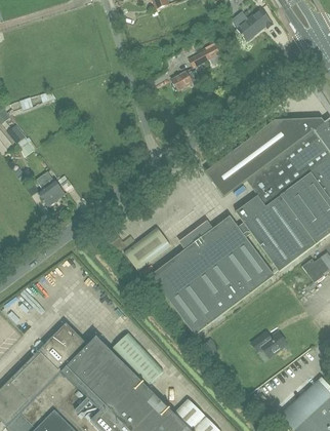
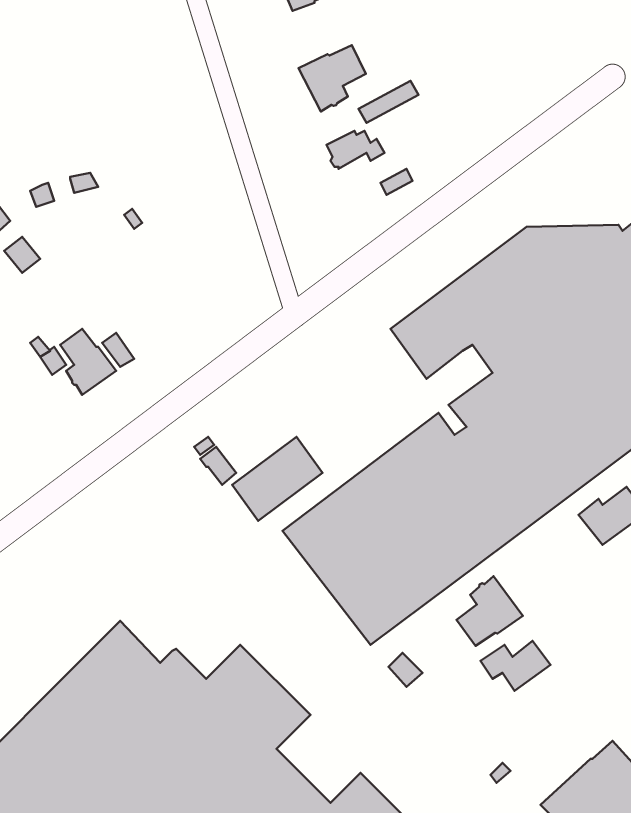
building: [232,7,275,40] -> none
building: none -> [298,45,366,111]
building: none -> [457,576,523,646]

